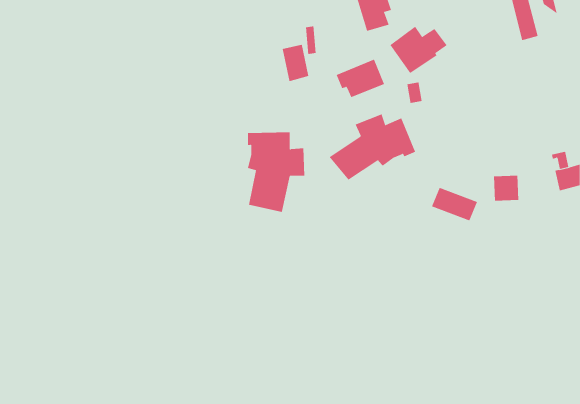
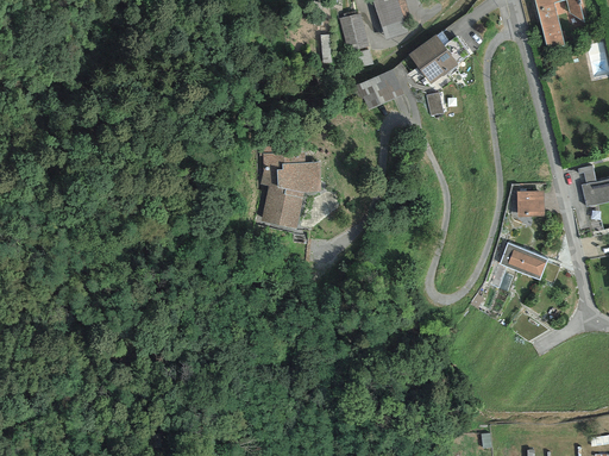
building: [282,44,309,82] -> [339,12,368,51]
building: [329,113,416,180] -> none
building: [431,187,478,221] -> [498,243,547,279]

